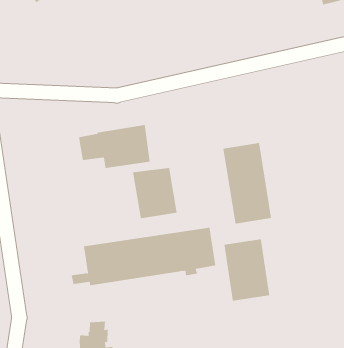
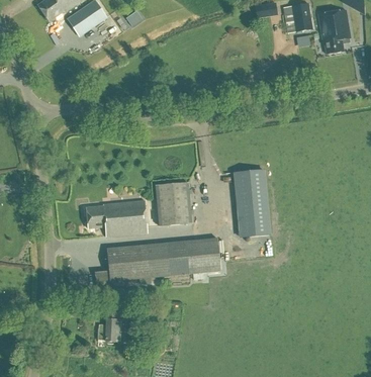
building: [78,124,150,168] -> [85,201,146,237]
building: [224,239,270,301] -> none

